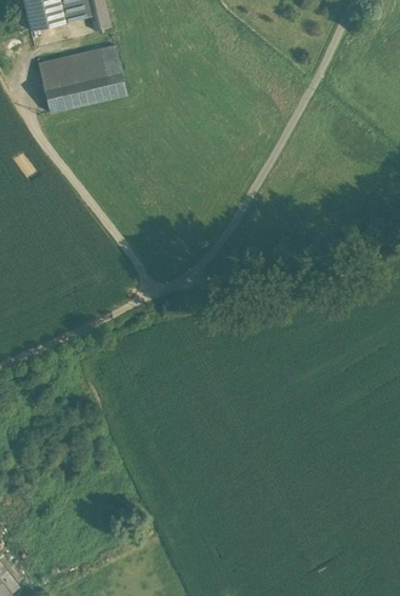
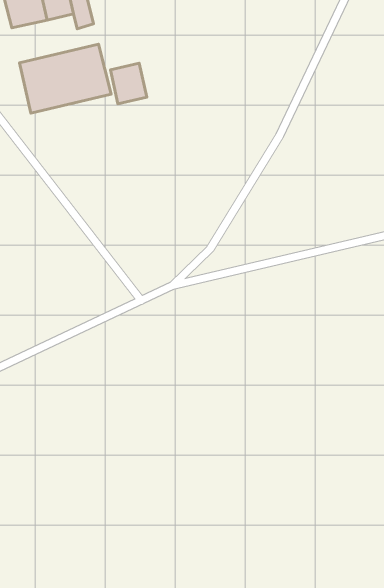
building: none -> [110,63,147,104]

